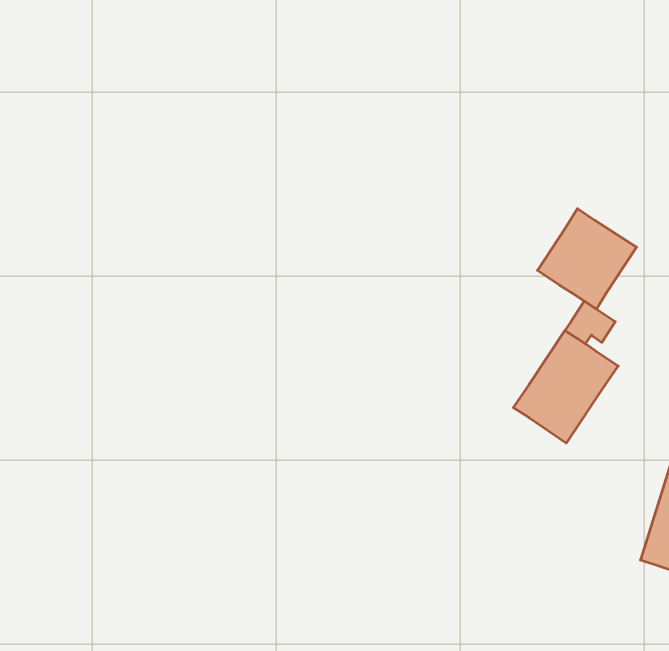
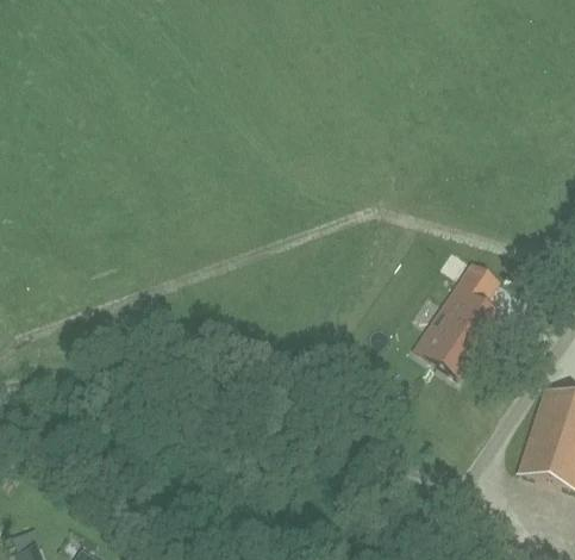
building: [537,209,637,309] -> none

